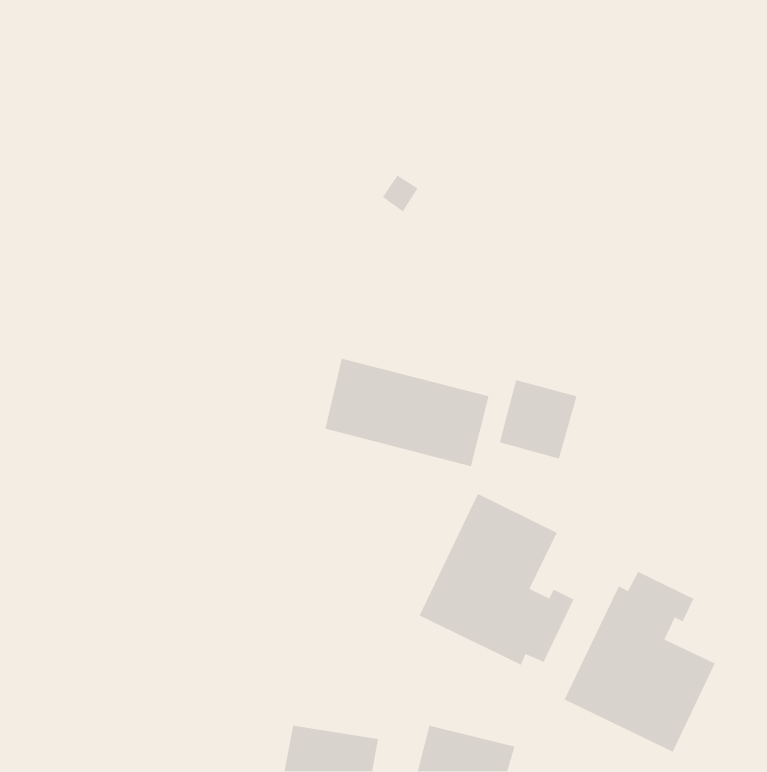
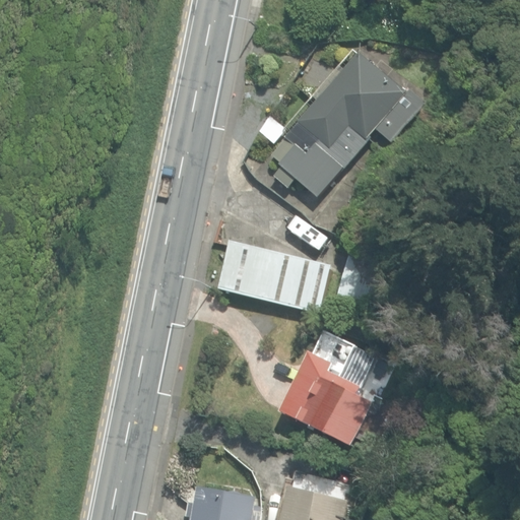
building: none -> [265,53,419,198]
building: [564,571,716,753] -> none

